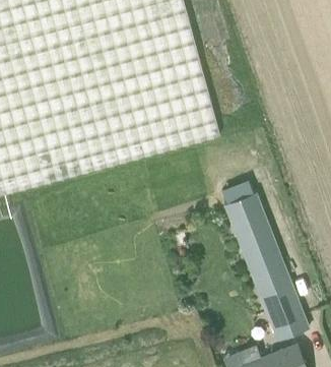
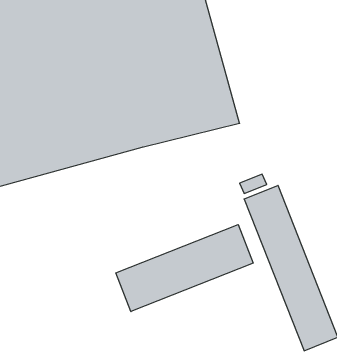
building: none -> [116,225,253,312]

